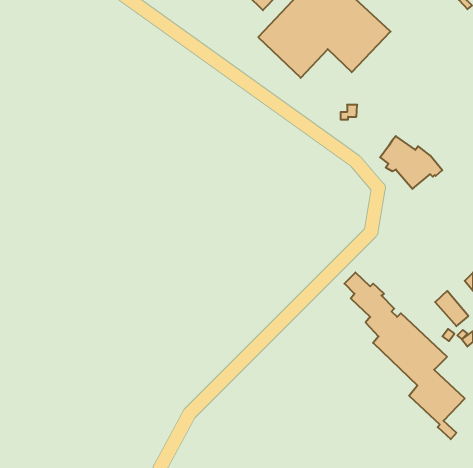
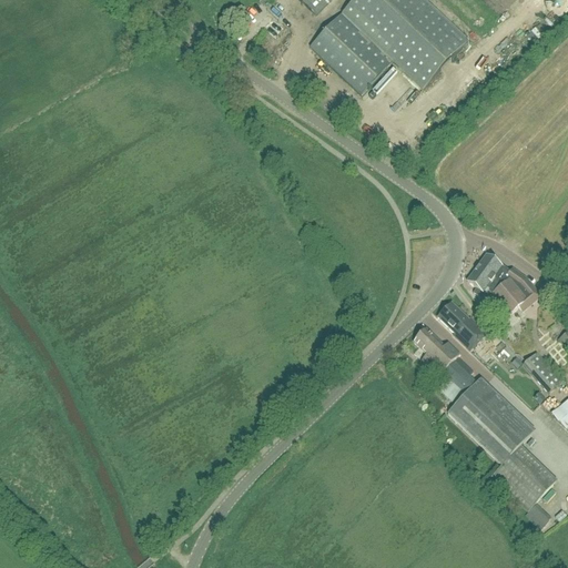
building: [380,136,442,189] -> [466,252,540,315]
building: none -> [437,300,486,348]

